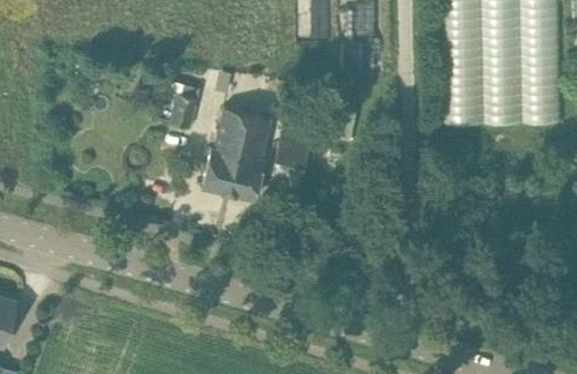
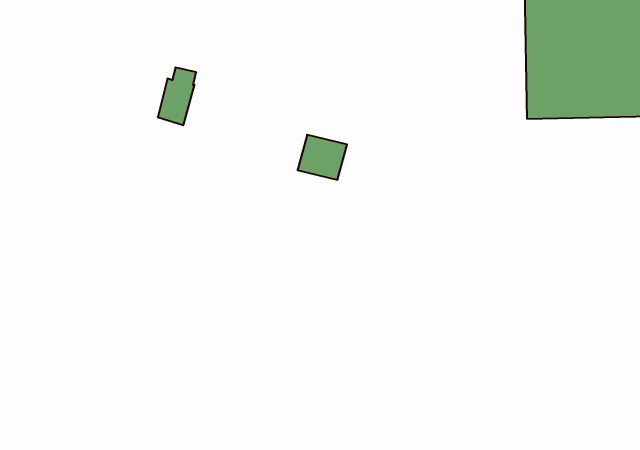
building: [203,107,270,199] -> none

